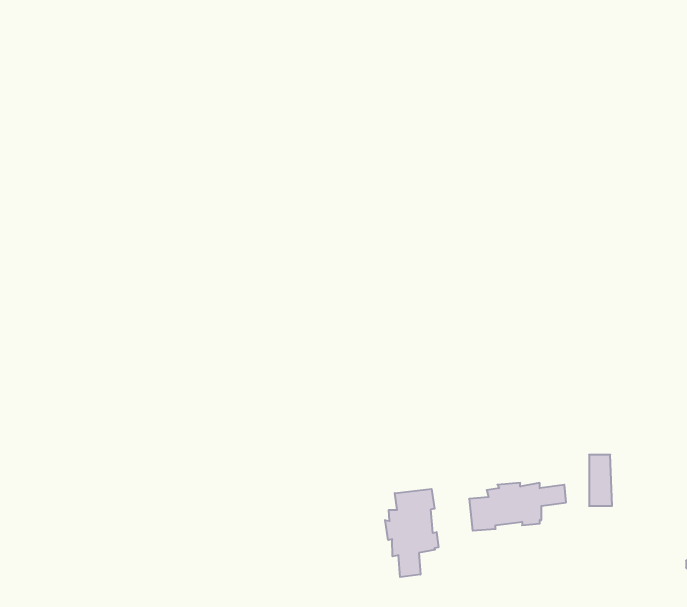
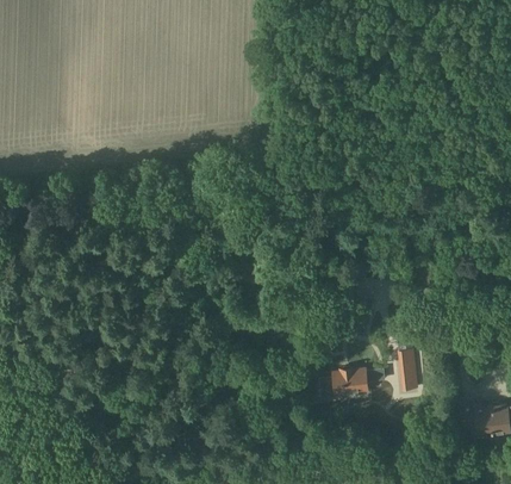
building: [385,489,438,577] -> none

